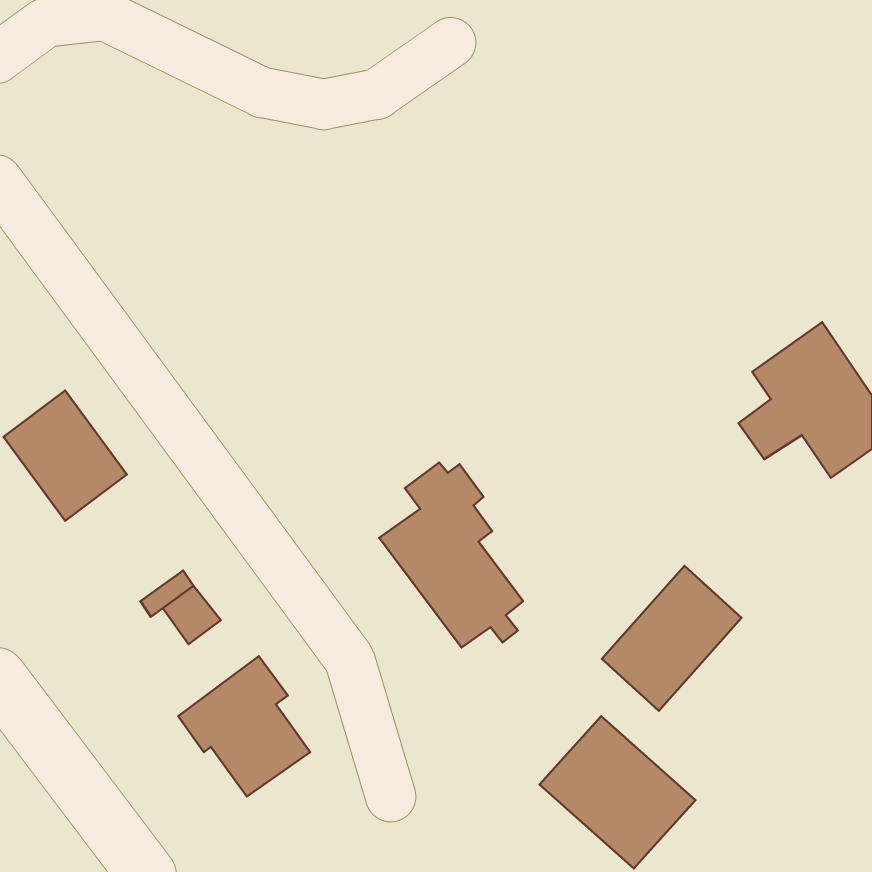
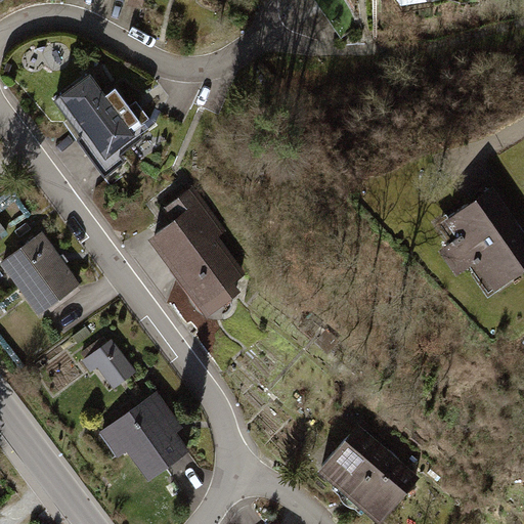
building: none -> [54,76,151,166]
building: [379,463,523,648] -> [152,191,238,302]
building: [602,566,742,711] -> none

